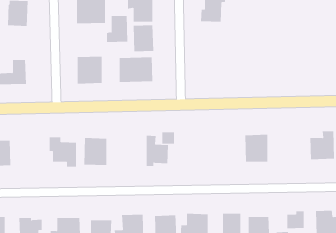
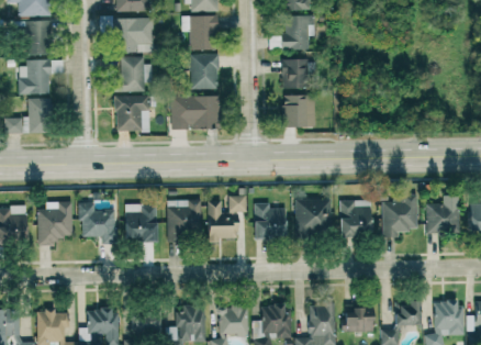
building: [106,15,128,43] -> [114,56,144,92]
building: none -> [282,58,307,89]
building: none -> [19,59,63,94]
building: none -> [282,94,315,127]
building: none -> [382,194,417,237]
building: none -> [294,198,332,235]
building: none -> [167,199,201,233]
building: none -> [37,201,72,245]
building: none -> [254,202,286,240]

